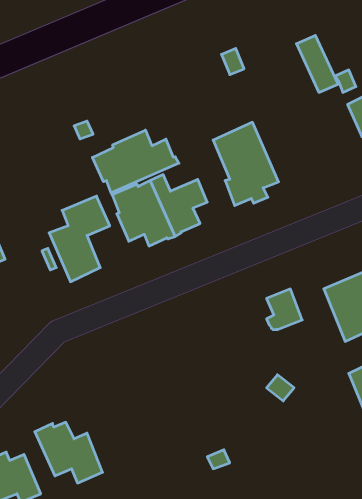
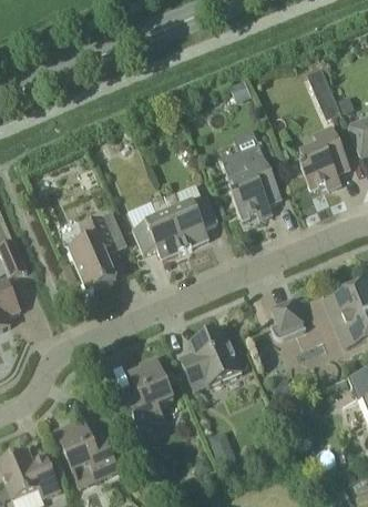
building: none -> [300,126,350,191]
building: [92,130,179,193] -> none
building: none -> [181,328,243,391]
building: none -> [125,357,174,429]

